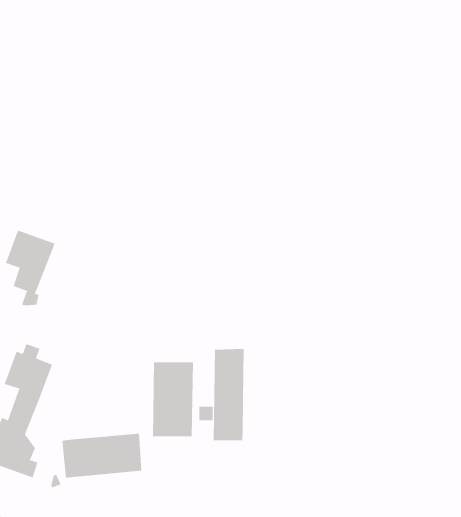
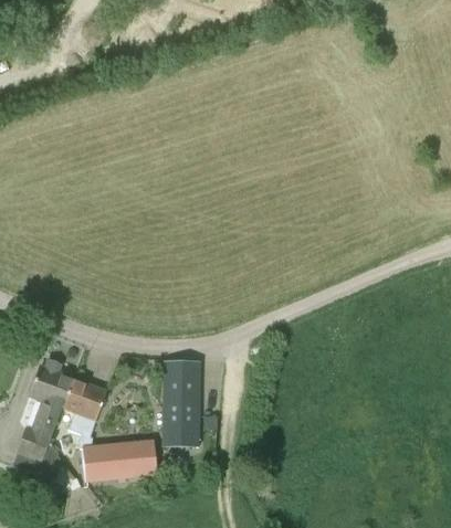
building: [5,230,56,306] -> [62,378,107,446]
building: [213,348,244,441] -> none

